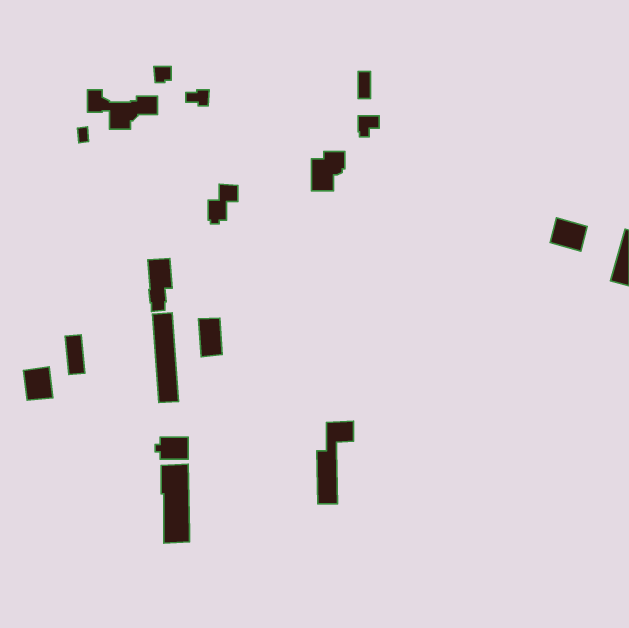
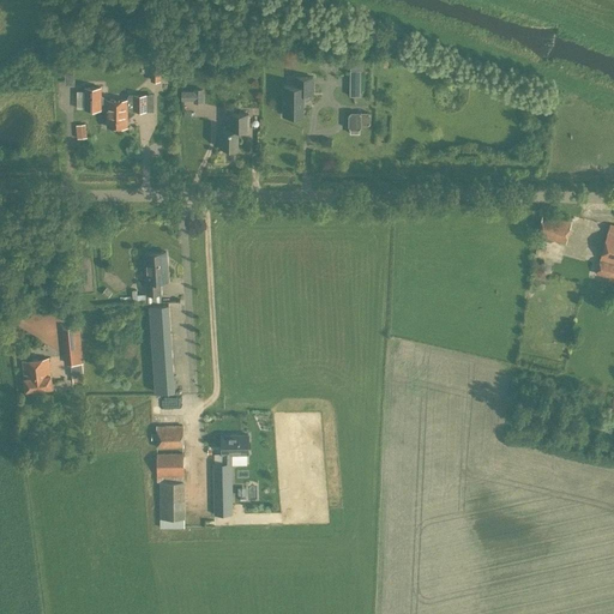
building: [311,152,345,191] -> [282,78,314,116]
building: [208,184,238,224] -> [219,114,248,152]
building: [198,318,222,357] -> none
building: [317,421,354,504] -> [212,435,248,516]

